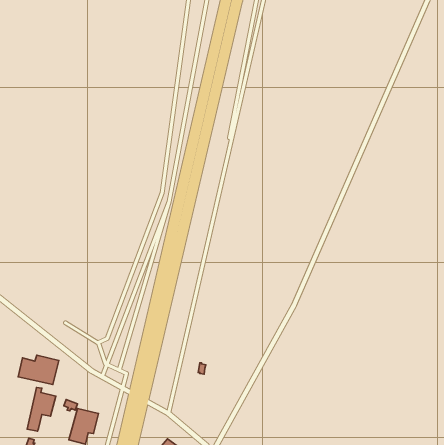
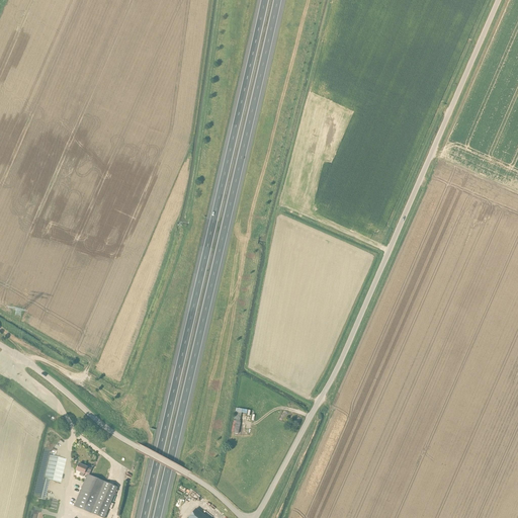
building: [18,355,59,384] -> none

